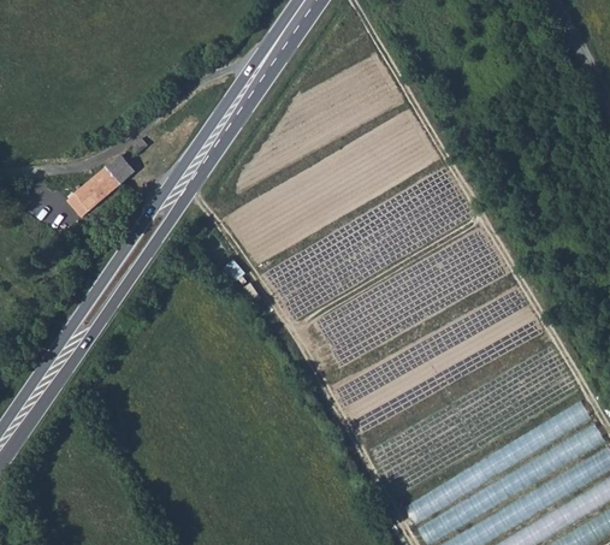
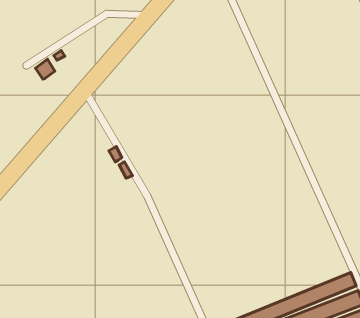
building: [66,168,118,215] -> none

